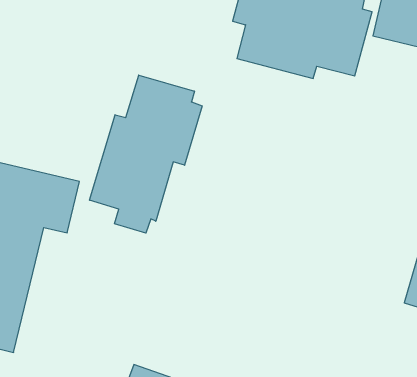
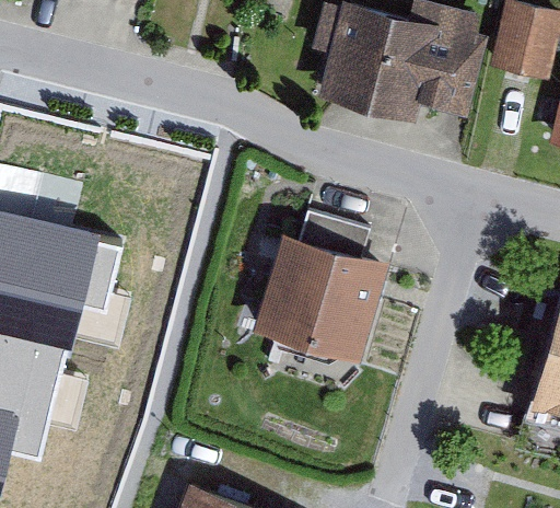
building: [90,75,202,233] -> none
building: none -> [252,211,392,365]

